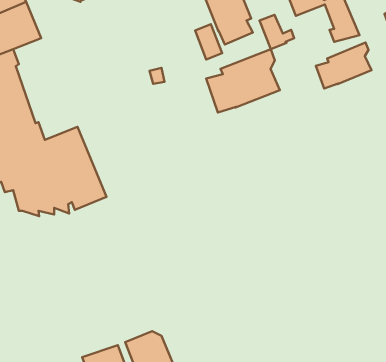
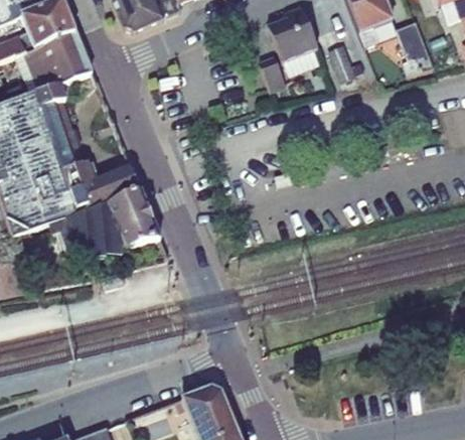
building: [316,43,371,89] -> none
building: [206,49,280,113] -> none

